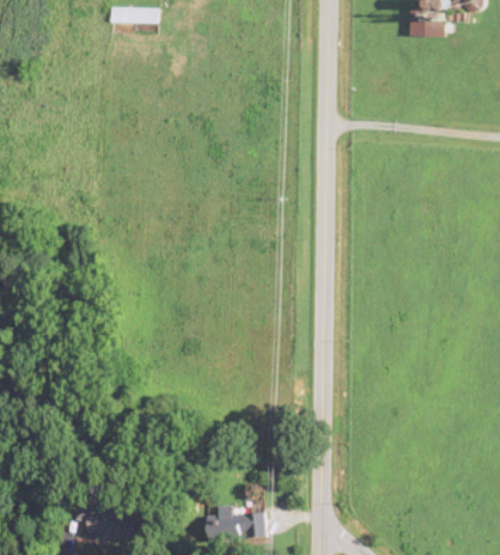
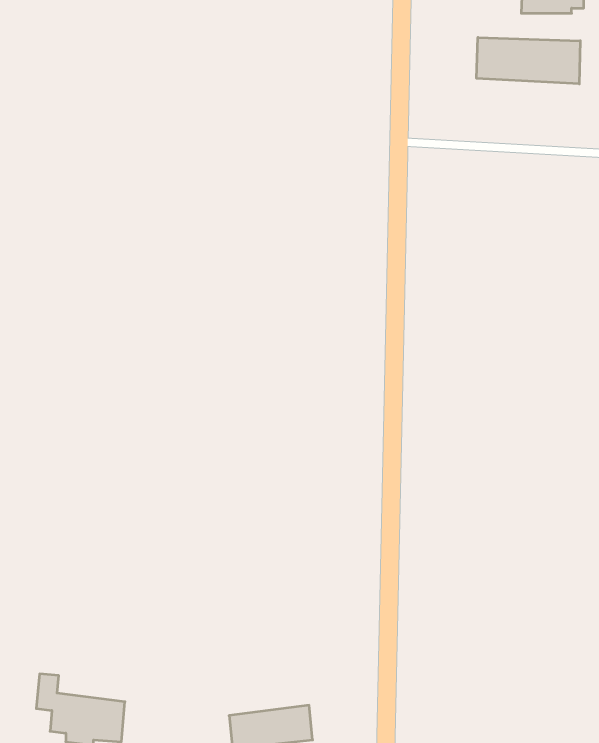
building: none -> [477,37,580,84]

